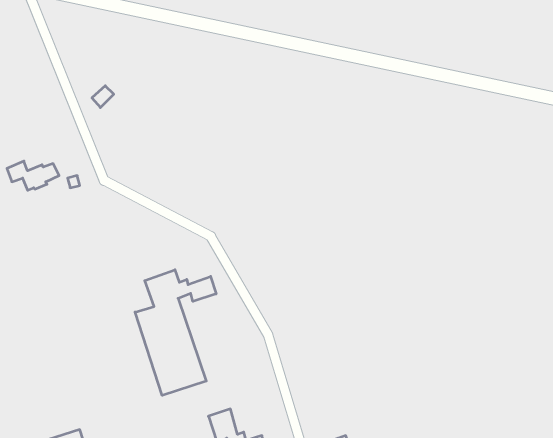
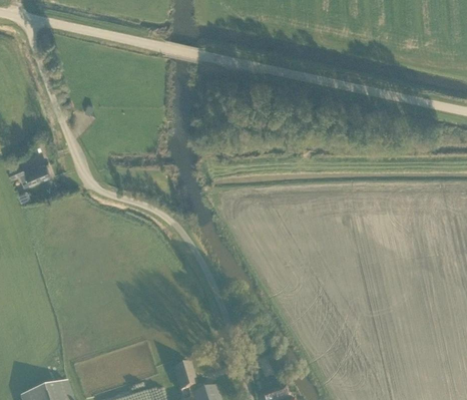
building: [135,270,216,395] -> none

